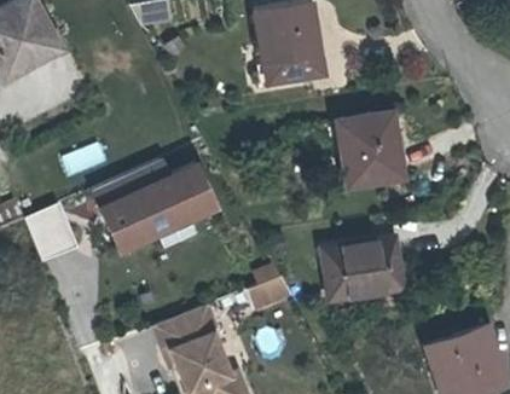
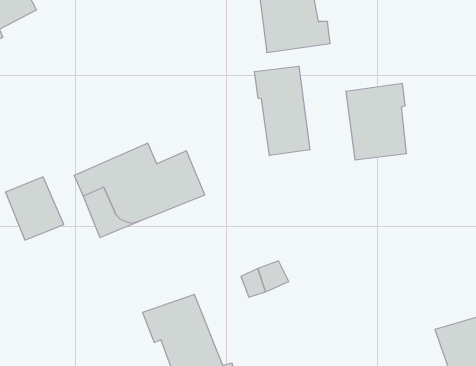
building: none -> [254,66,310,156]
building: [321,236,404,299] -> none

